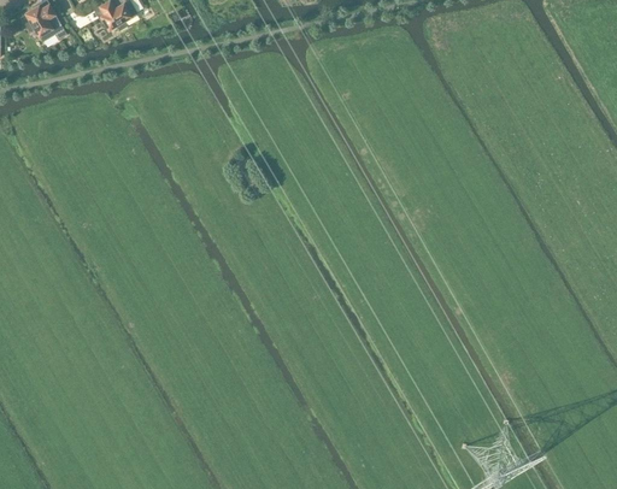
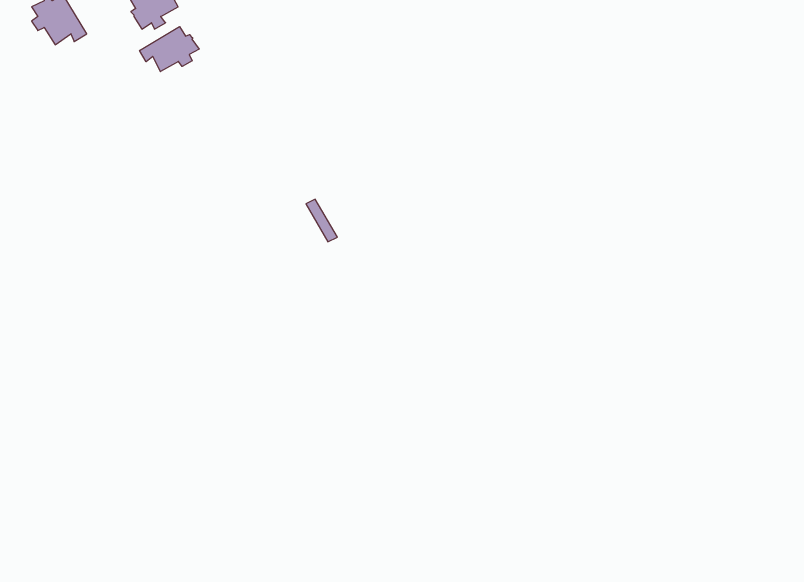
building: none -> [140,27,199,72]

